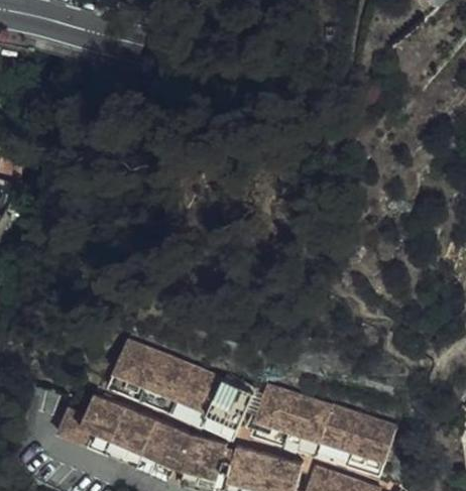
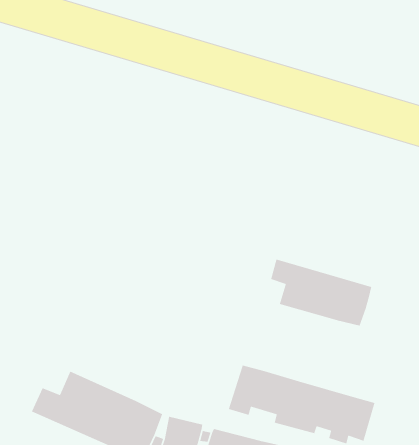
building: none -> [270,258,372,327]
building: [109,335,248,431] -> none

